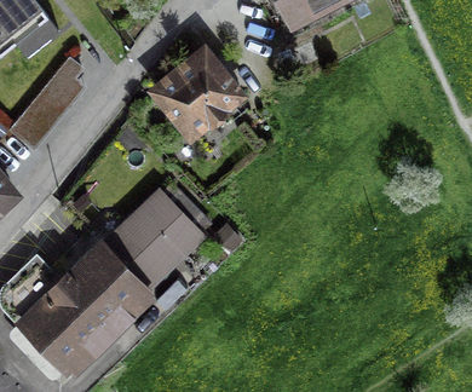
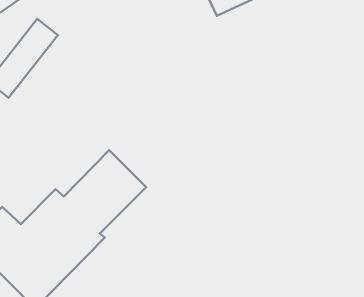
building: [145,44,244,143] -> none

